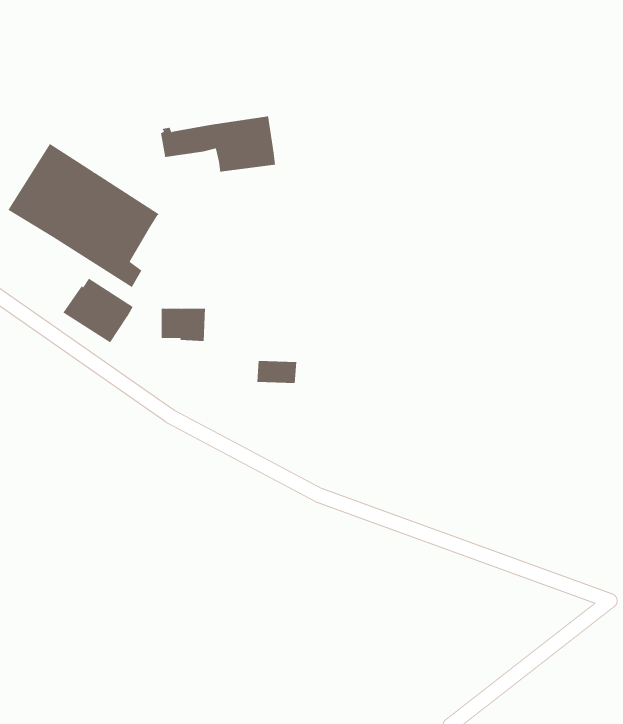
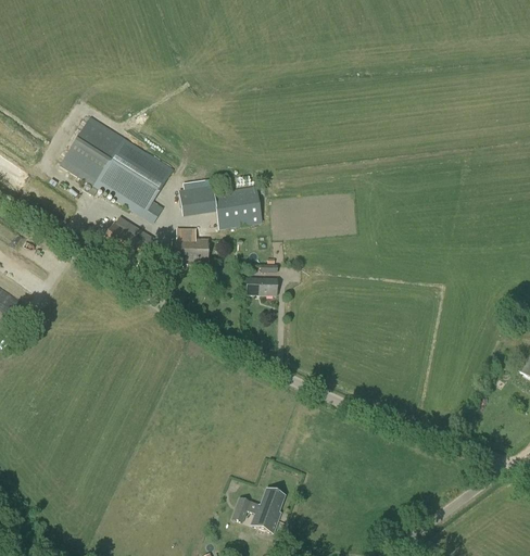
building: [160,116,276,172] -> [175,185,262,227]
building: none -> [232,488,285,531]

